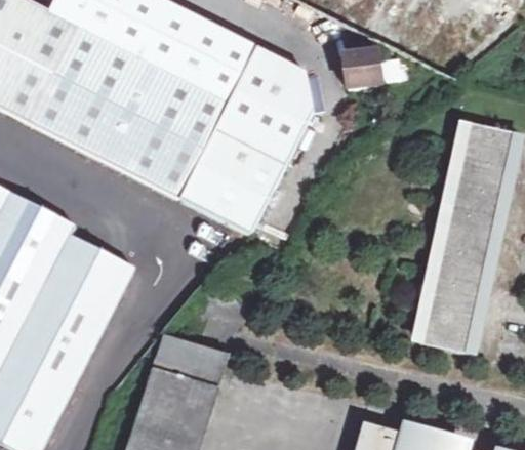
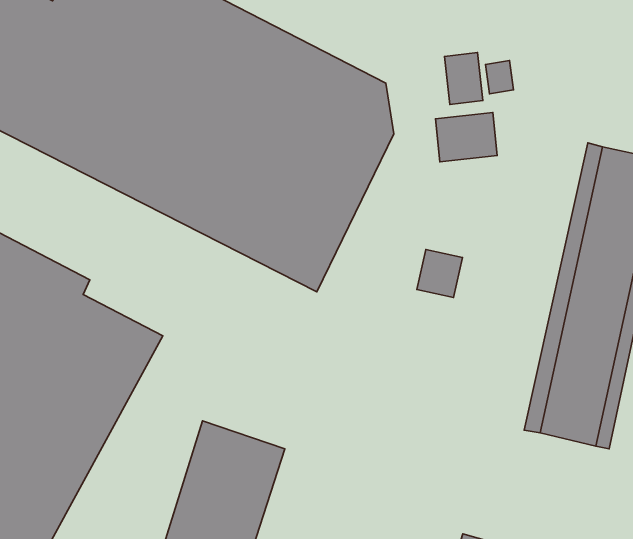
building: none -> [435,113,497,162]
building: none -> [417,249,463,298]

